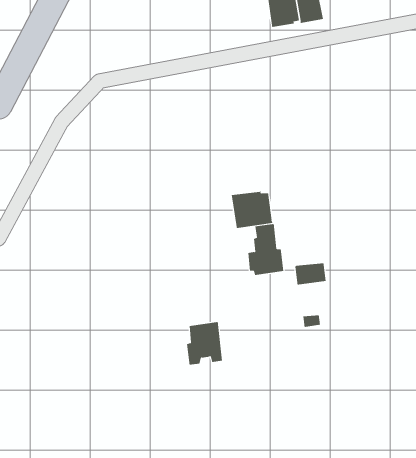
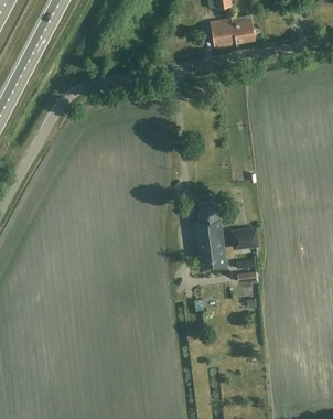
building: [231,191,273,229] -> none
building: [186,322,223,365] -> [198,237,227,271]

